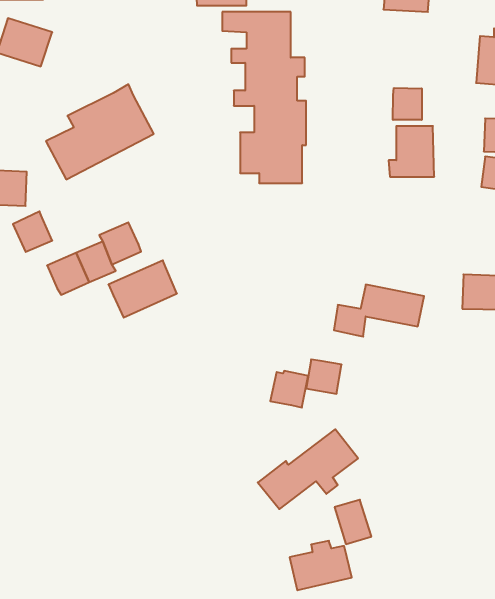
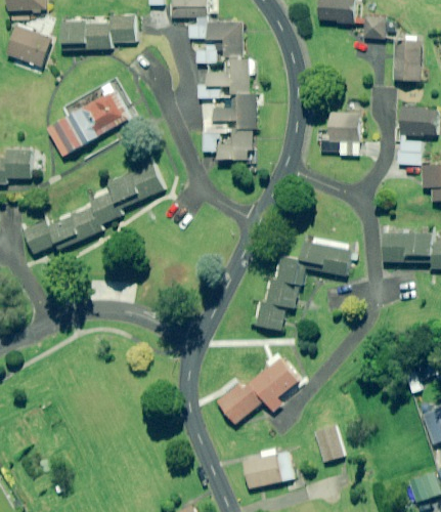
building: none -> [365,16,387,38]
building: none -> [62,17,134,49]
building: [393,88,422,120] -> none
building: [13,211,52,252] -> [24,221,55,254]
building: [108,260,177,318] -> [108,163,164,209]
building: [270,371,308,408] -> [267,279,298,308]
building: [335,500,371,544] -> [313,426,343,462]

